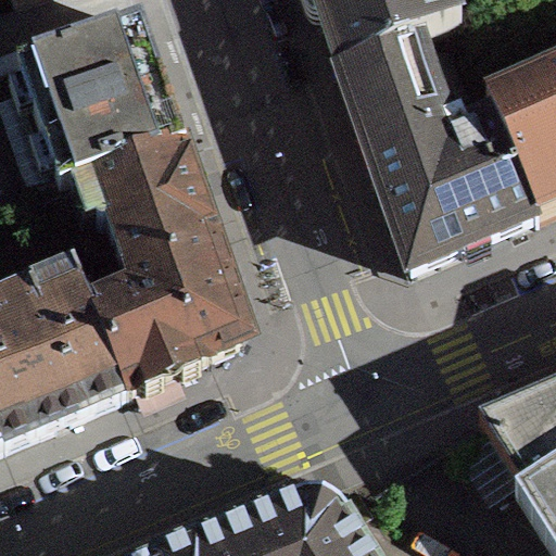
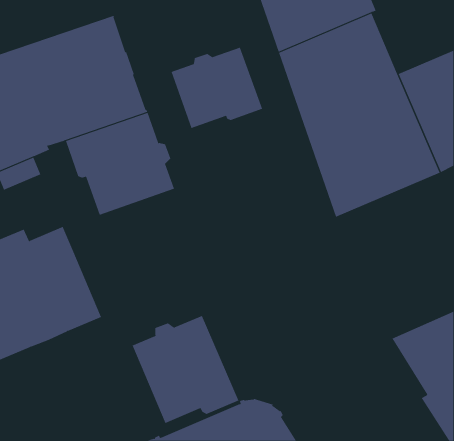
building: none -> [171,47,263,129]
building: [89,230,244,387] -> none
building: none -> [132,315,239,424]

